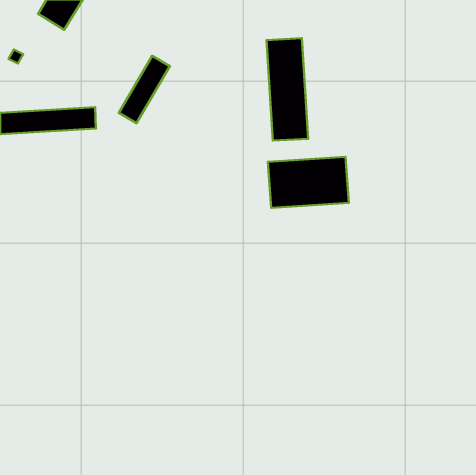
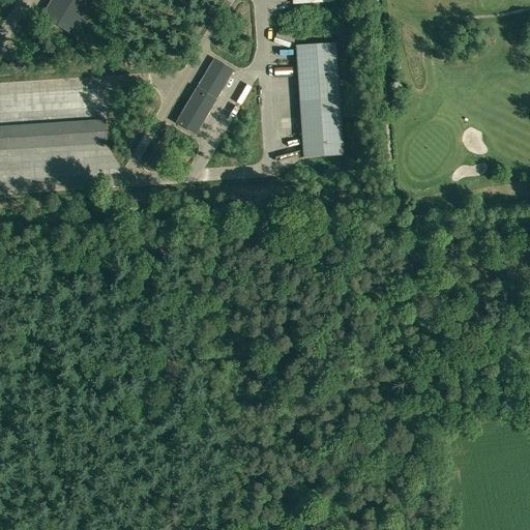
building: [119,56,170,123] -> [176,59,233,134]
building: [268,157,349,208] -> none

